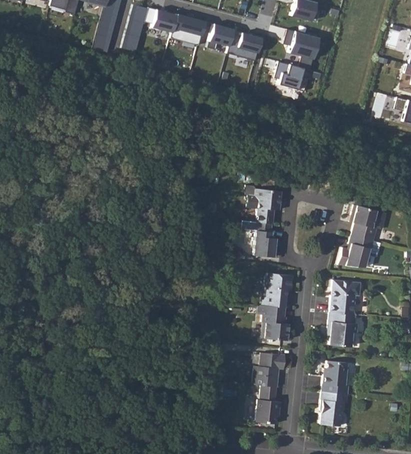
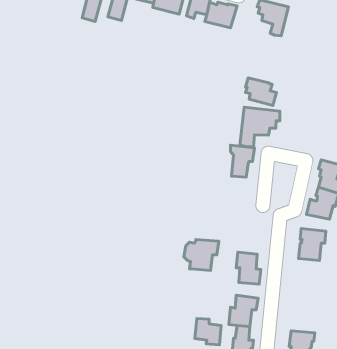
building: [275,61,309,91] -> [245,78,277,105]
building: none -> [240,107,280,147]
building: [255,222,277,257] -> none
building: [256,273,294,307] -> [184,239,219,271]
building: [328,312,356,346] -> none
building: [322,360,349,393] -> none
building: none -> [195,318,221,345]

